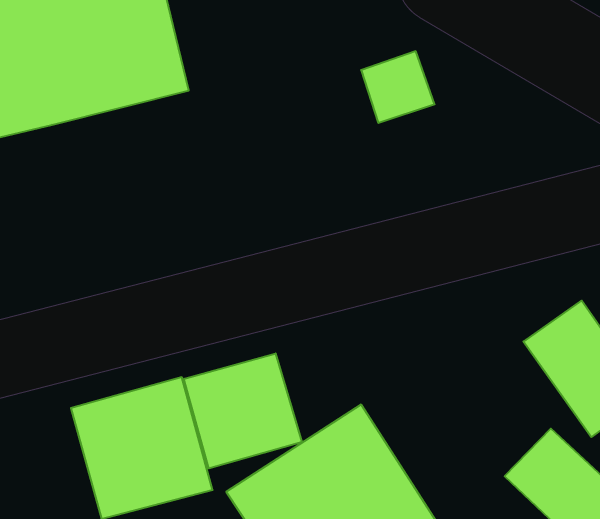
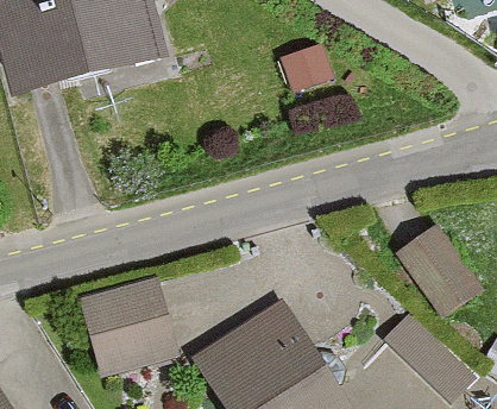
building: [184,353,302,468] -> none

